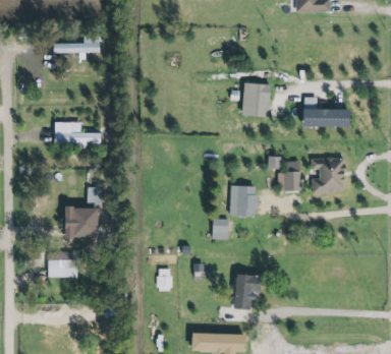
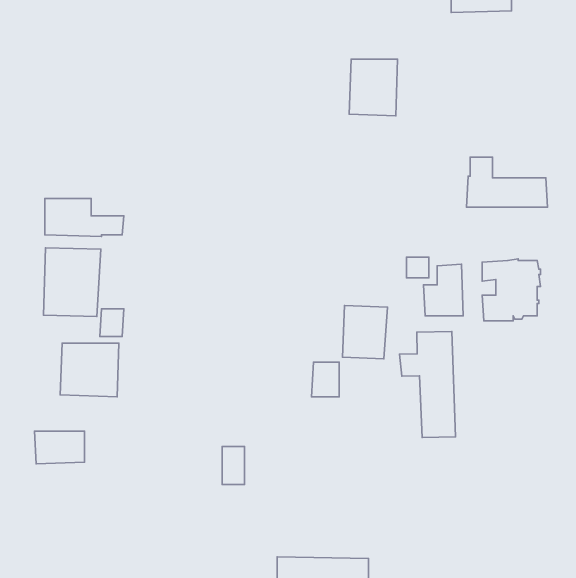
building: [53,37,100,53] -> none
building: [242,83,271,117] -> [349,59,398,116]
building: none -> [43,248,101,317]
building: none -> [400,332,455,437]
building: [234,275,260,310] -> none

